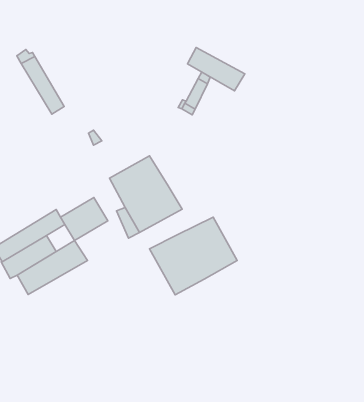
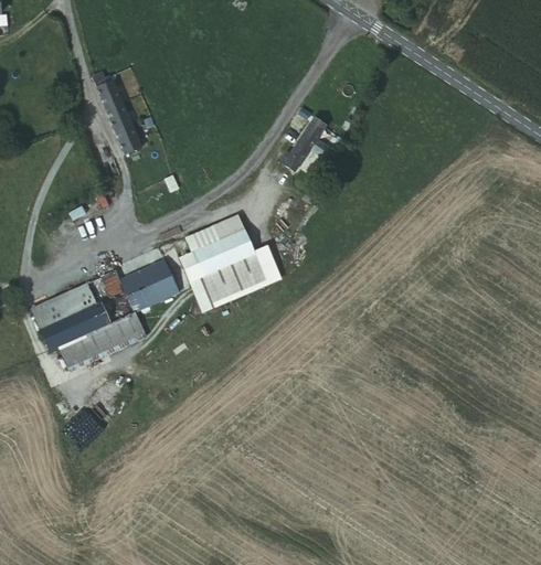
building: [187,47,245,91] -> none
building: [150,217,237,295] -> none
building: none -> [99,288,134,320]

